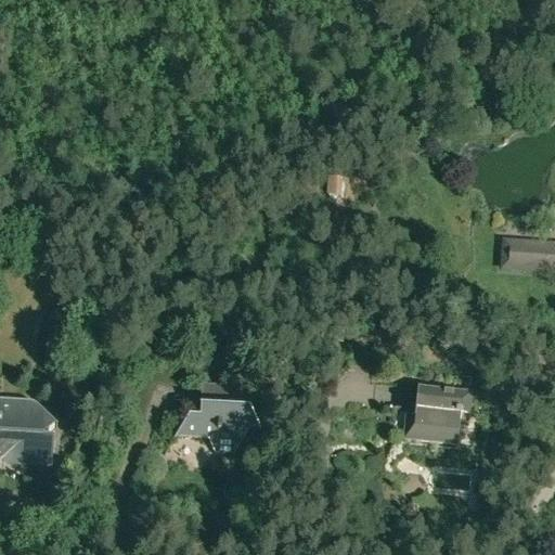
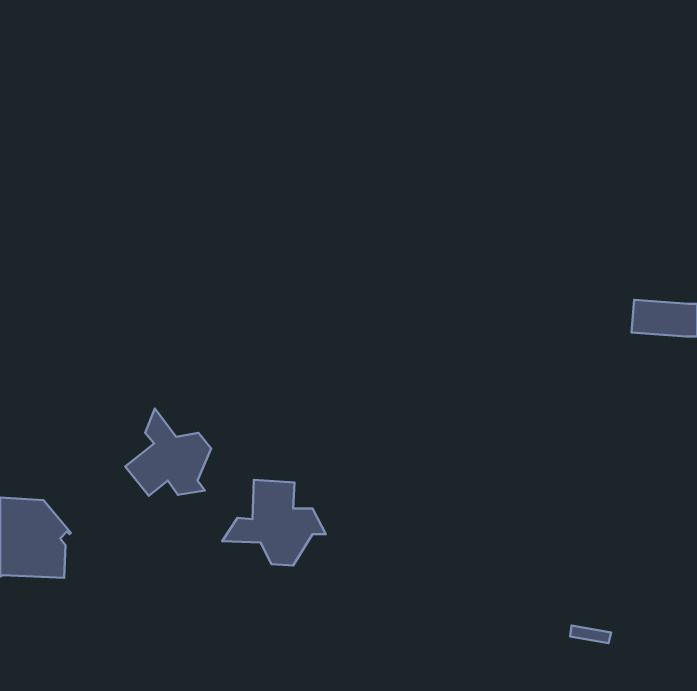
building: none -> [125,409,211,496]
building: [402,385,470,441] -> none

